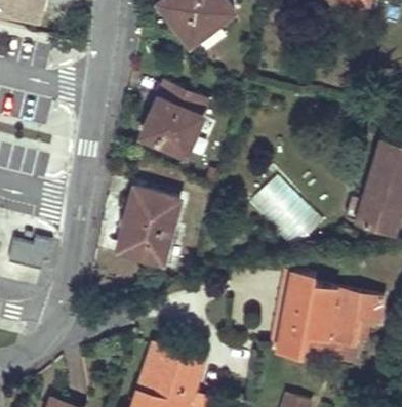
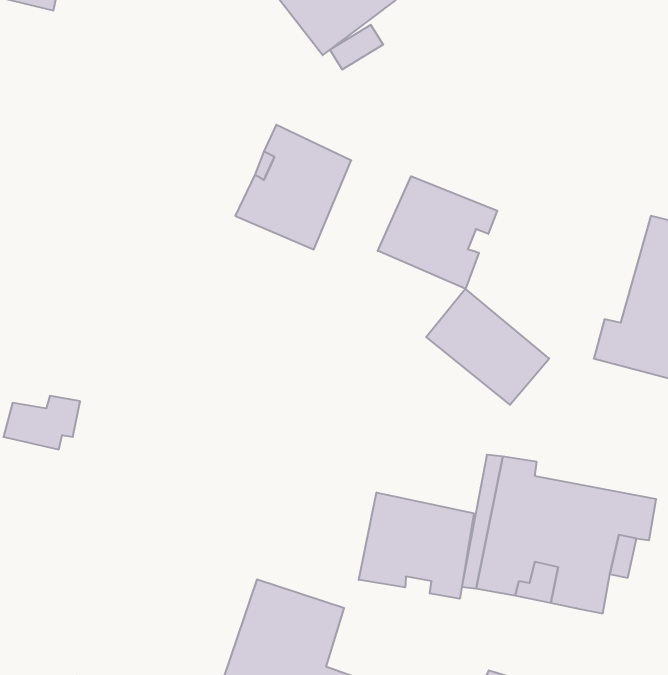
building: none -> [378,176,497,289]
building: [116,188,179,263] -> none
building: none -> [359,492,474,599]

